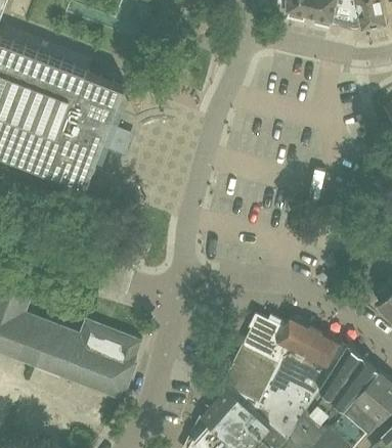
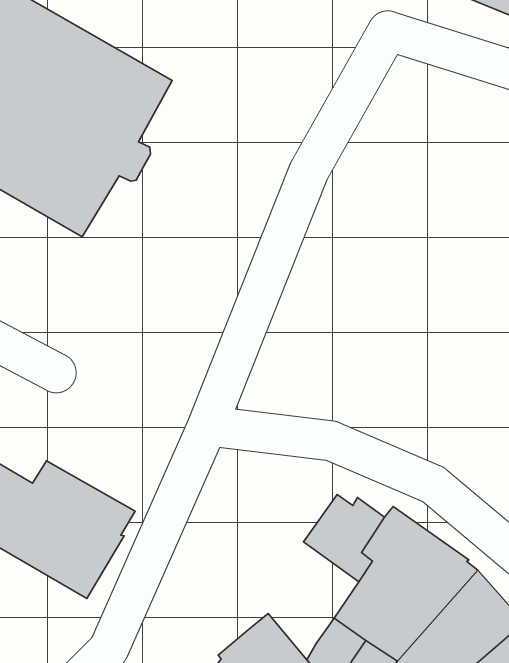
building: [222,345,277,403] -> none

